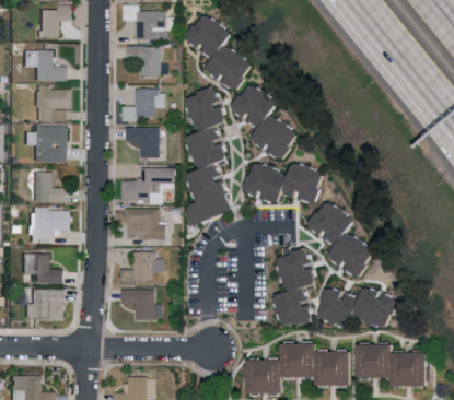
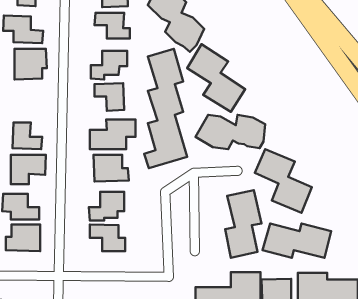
building: [24,125,67,162] -> none

